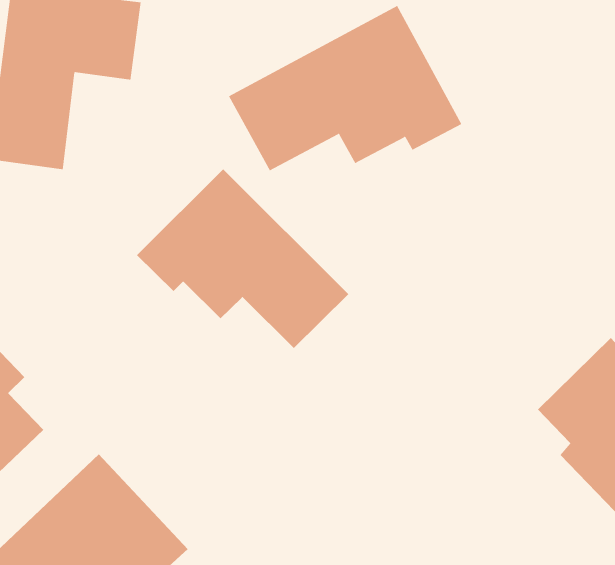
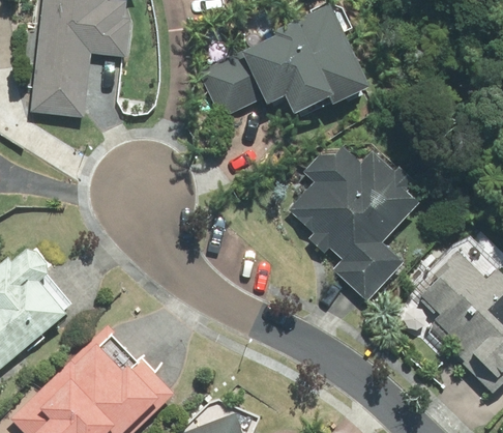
building: [136,169,349,349] -> none
building: none -> [290,144,417,299]

